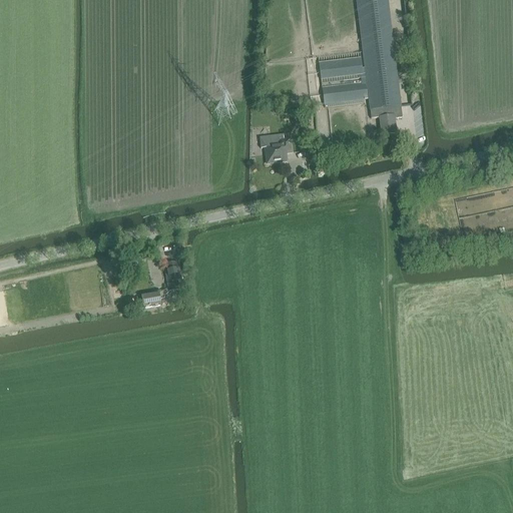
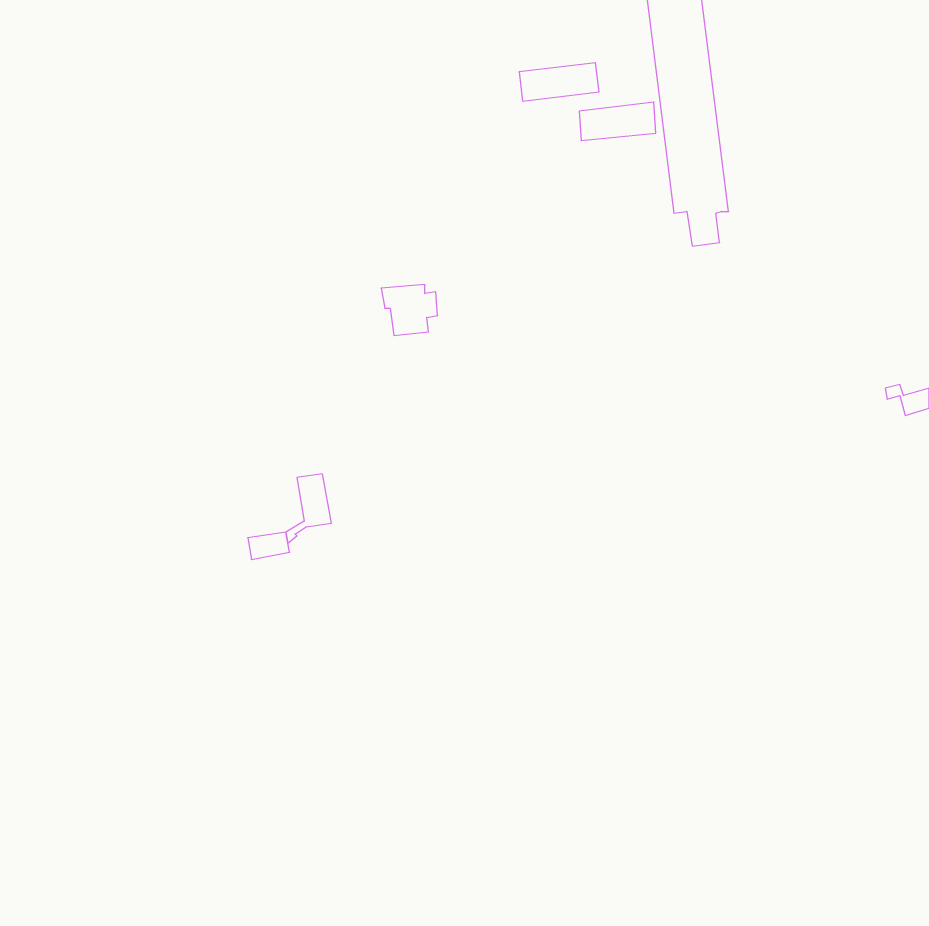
building: [322,81,366,102] -> [519,63,599,101]
building: [260,133,291,161] -> [381,285,438,336]

